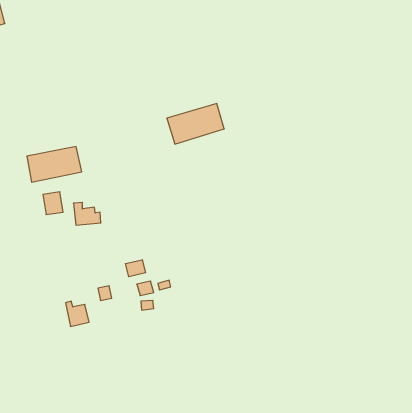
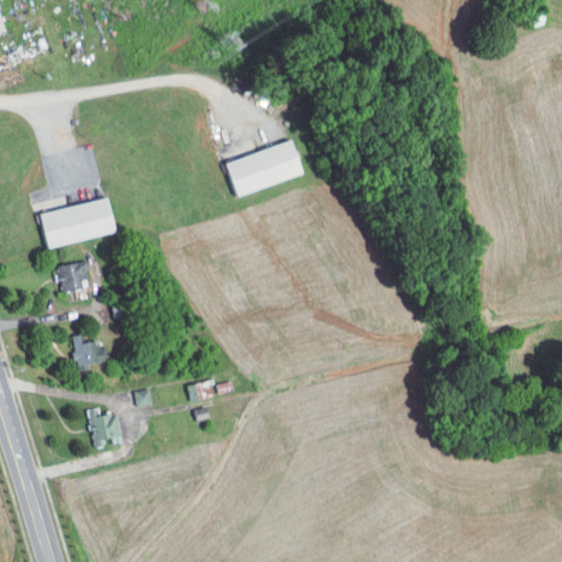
building: [73,202,101,225] -> [69,335,106,366]
building: [125,260,146,277] -> none

